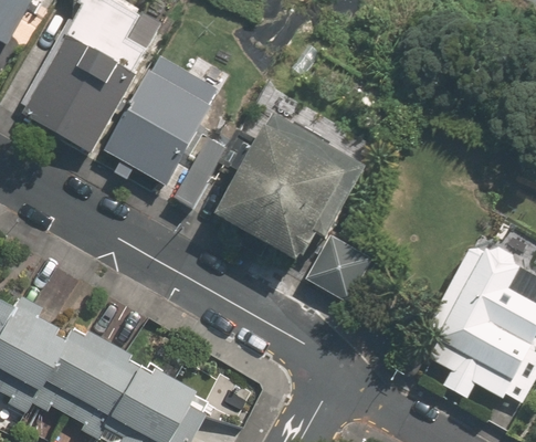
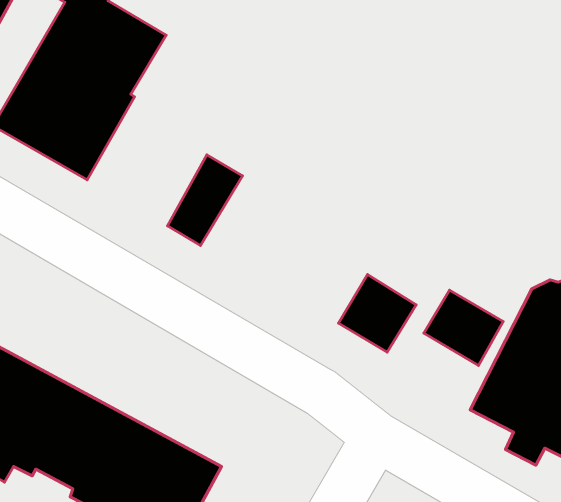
building: [102,60,216,190] -> none
building: [209,118,364,272] -> none
building: none -> [424,290,503,366]

